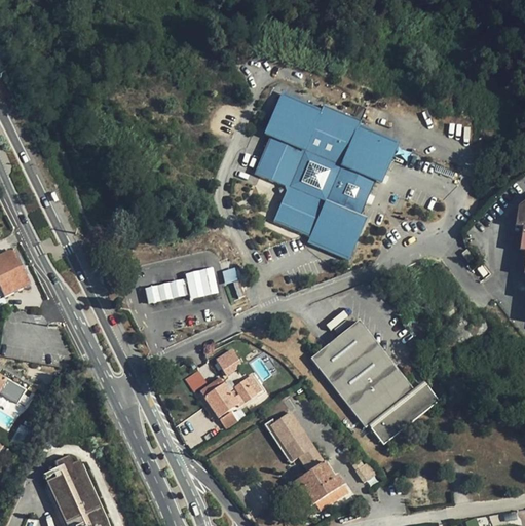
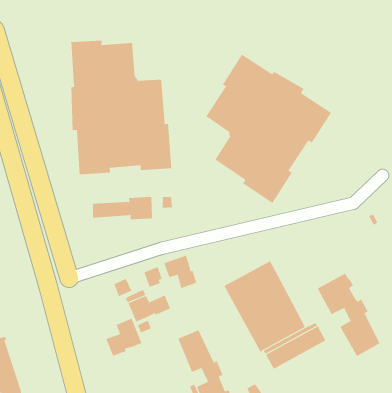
building: none -> [71,40,172,175]
building: none -> [317,273,380,357]
building: none -> [164,255,197,289]
building: none -> [105,318,142,356]

